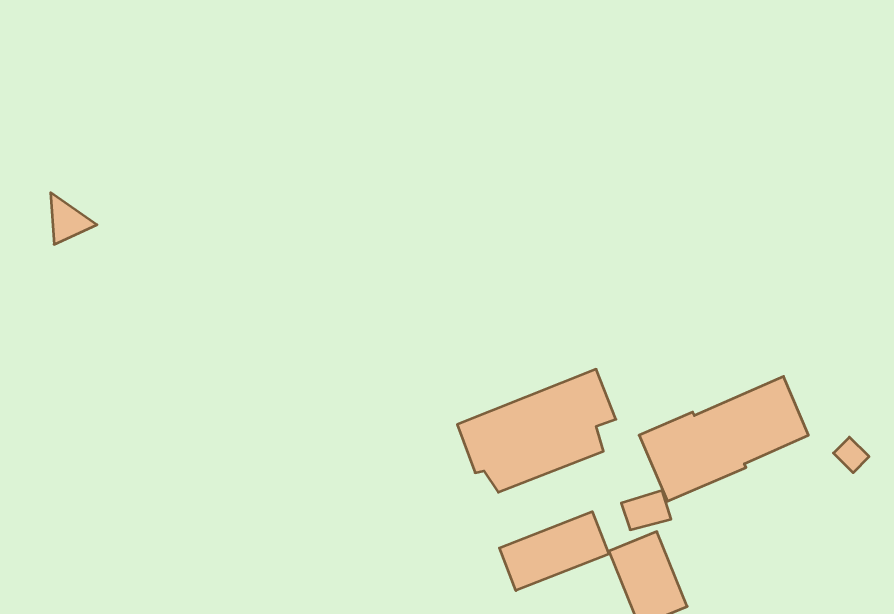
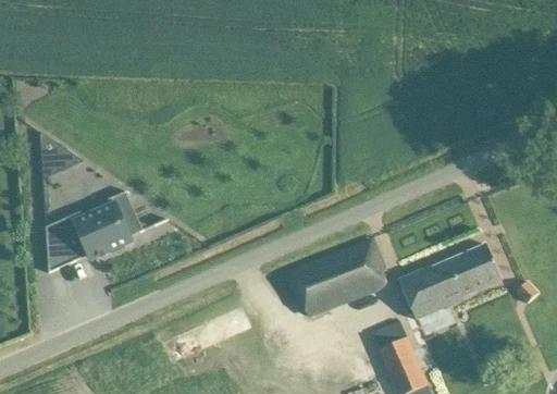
building: none -> [46,192,144,275]
building: [499,512,609,591] -> none

